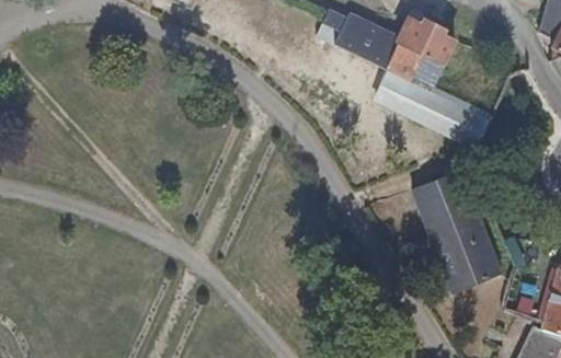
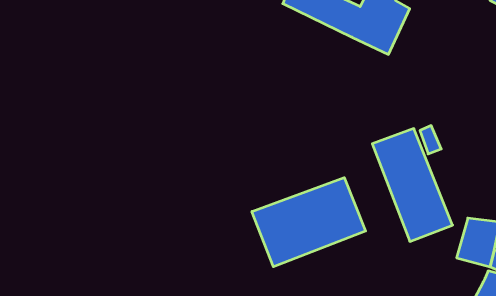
building: [379,72,492,148] -> none
building: none -> [252,178,366,267]

